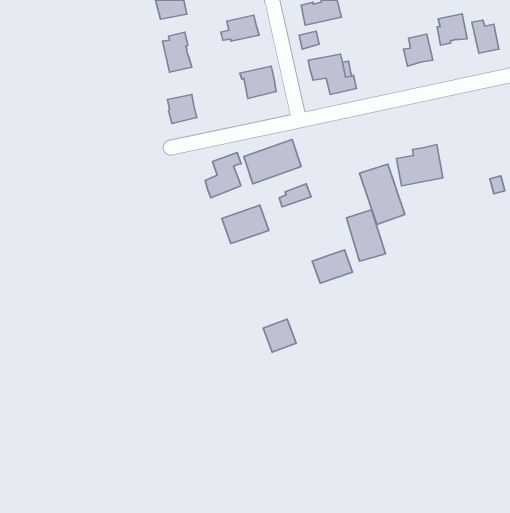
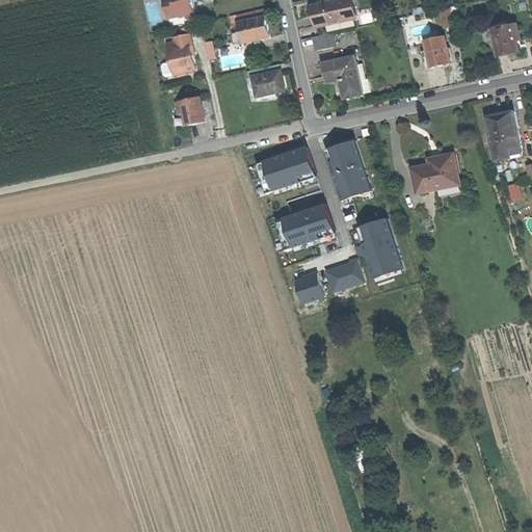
building: [437,14,467,45] -> none
building: none -> [485,110,521,159]
building: [205,153,241,198] -> none
building: [360,164,405,225] -> [321,135,368,197]
building: [222,205,269,243] -> [281,208,329,247]
building: [263,319,296,352] -> [291,271,325,305]

